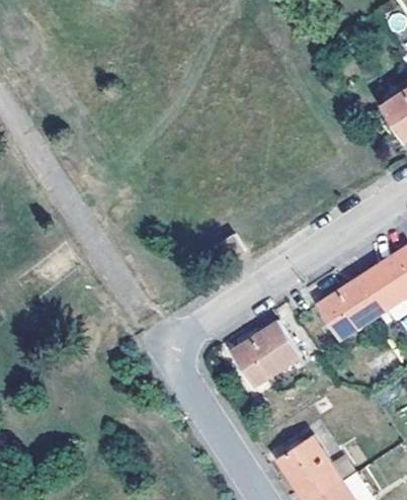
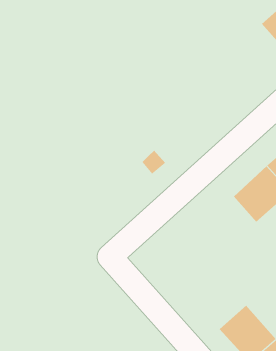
building: [231,321,300,387] -> none

